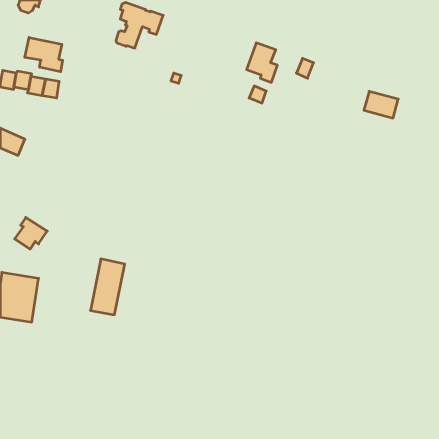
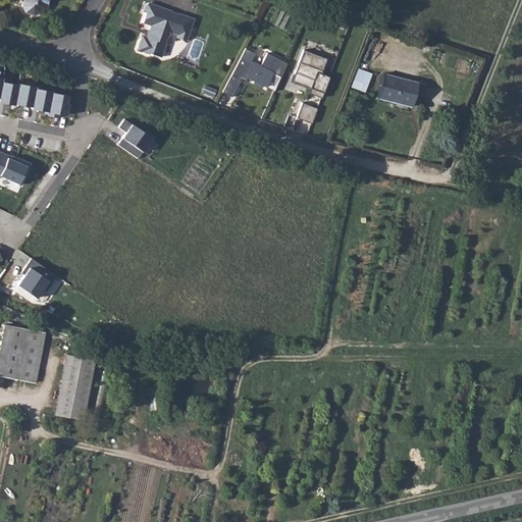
building: [25,37,63,72] -> none
building: none -> [223,47,288,96]
building: [364,91,398,118] -> [377,75,418,107]
building: none -> [117,119,145,158]
building: [90,259,125,315] -> [54,352,95,418]

